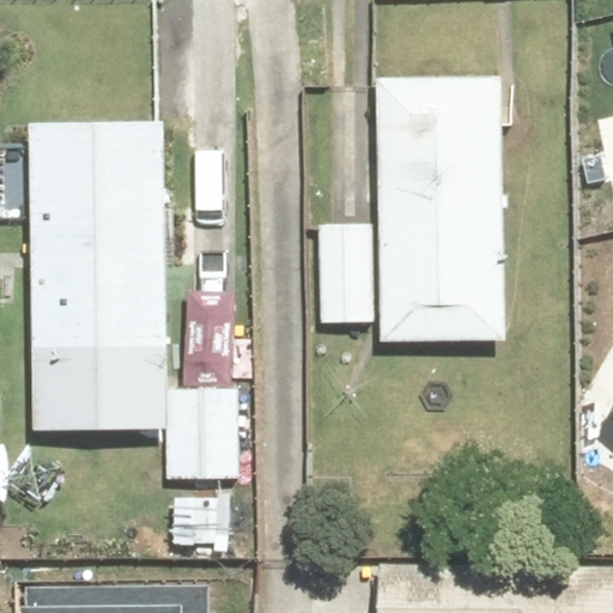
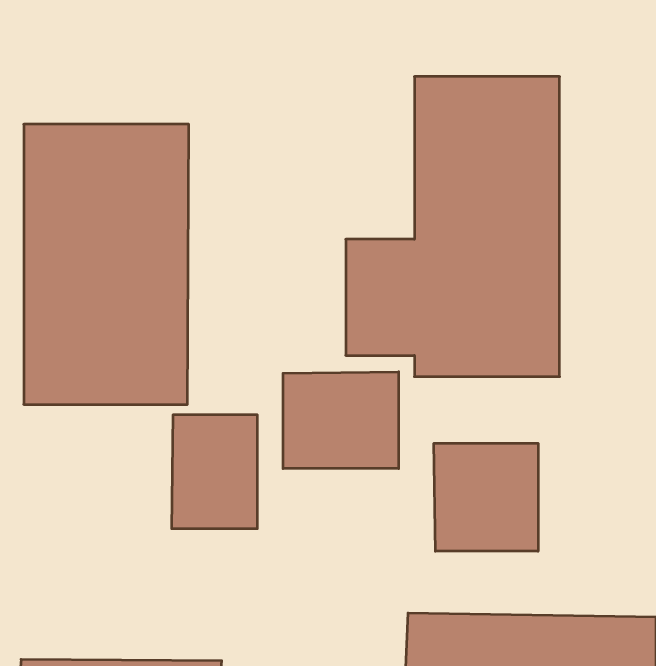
building: none -> [283,372,399,469]
building: none -> [434,443,538,551]

